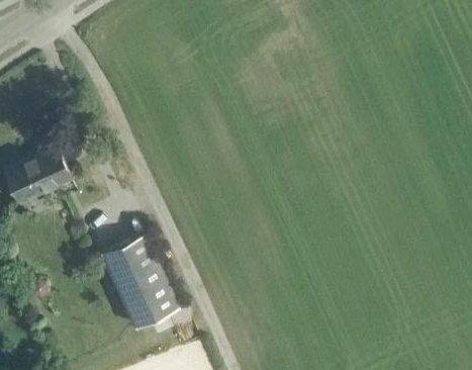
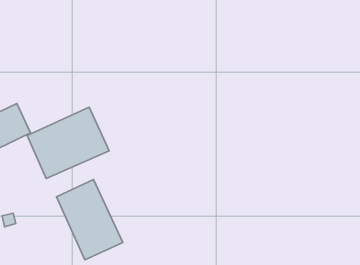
building: none -> [27,107,109,179]

